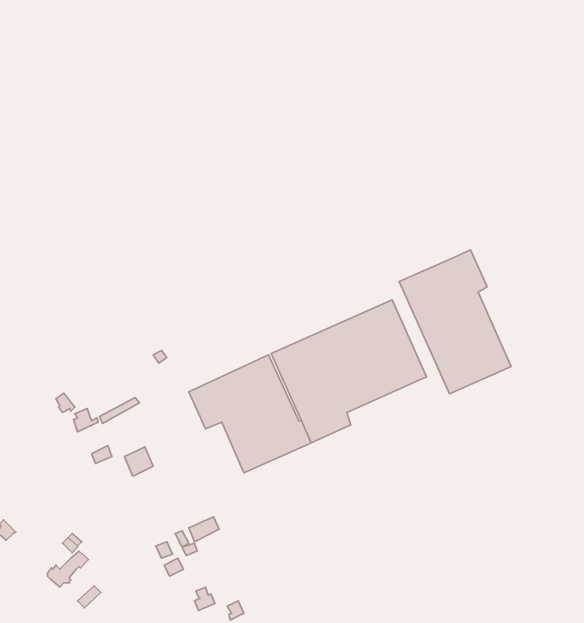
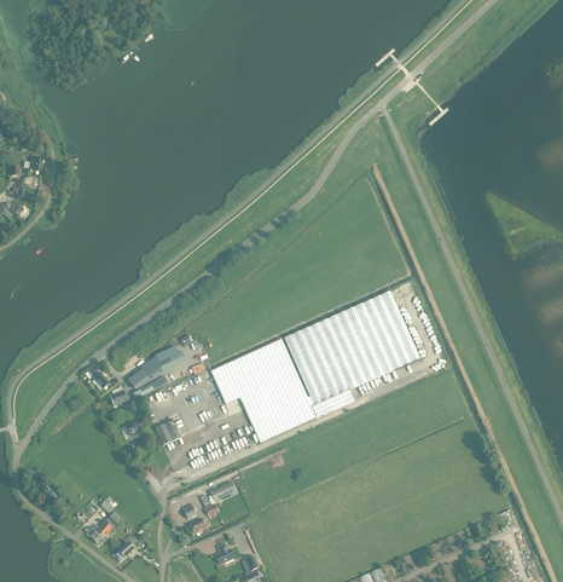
building: [399,250,511,394] -> none
building: none -> [124,345,184,388]

